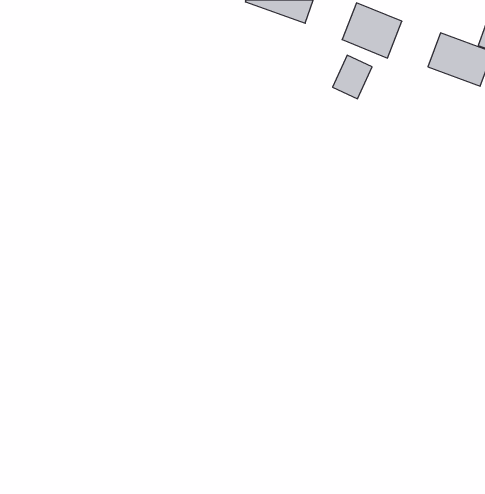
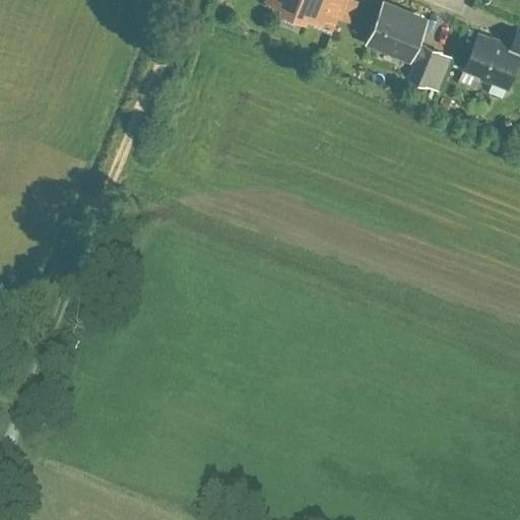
building: [333,55,372,99] -> [409,46,451,91]

